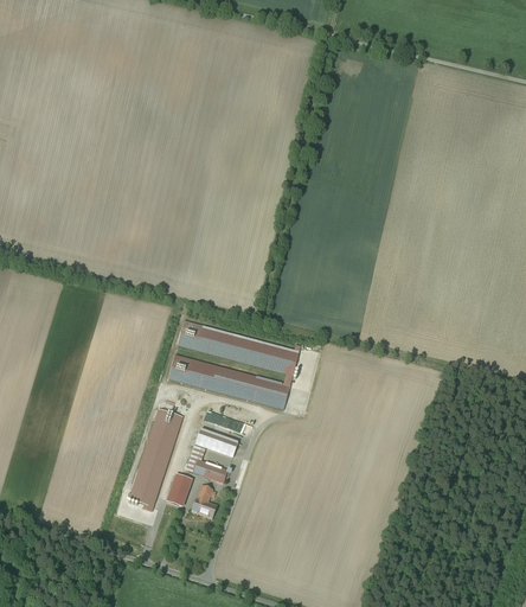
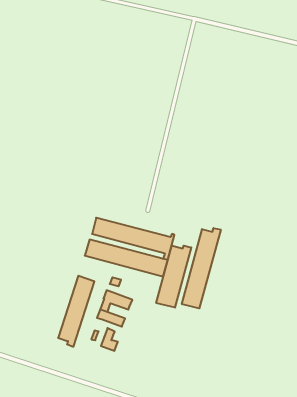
building: none -> [182,228,221,308]
building: none -> [156,246,191,308]

